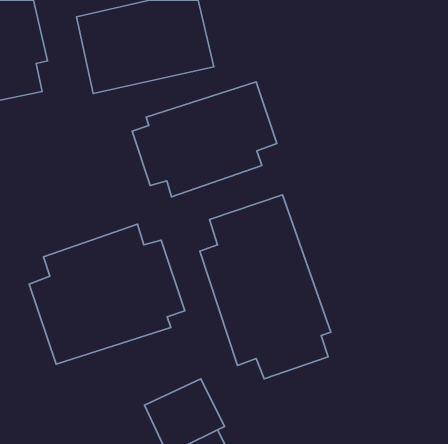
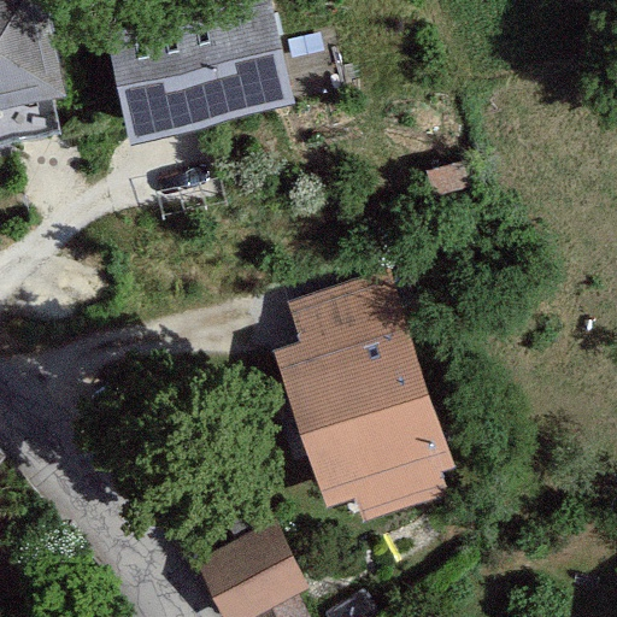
building: [132,82,277,197] -> none
building: [29,224,185,364] -> none

